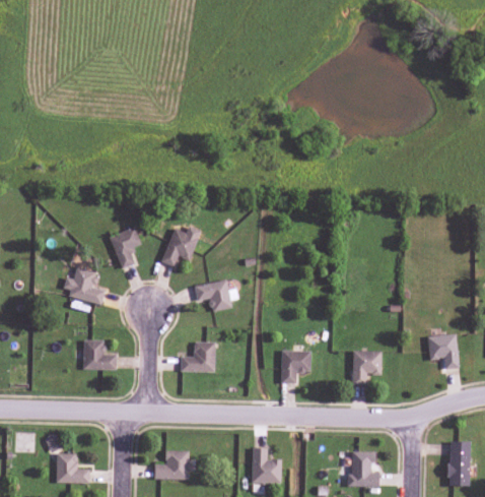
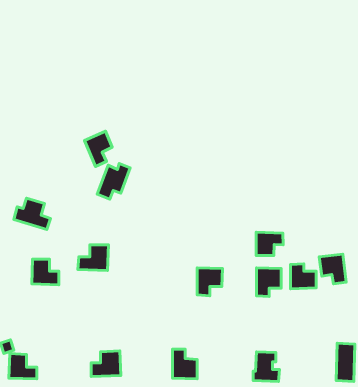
building: [109,226,142,268] -> [84,131,112,167]
building: [194,279,232,311] -> none
building: none -> [256,232,283,256]
building: [180,341,216,372] -> [78,245,108,270]
building: none -> [291,264,316,289]

